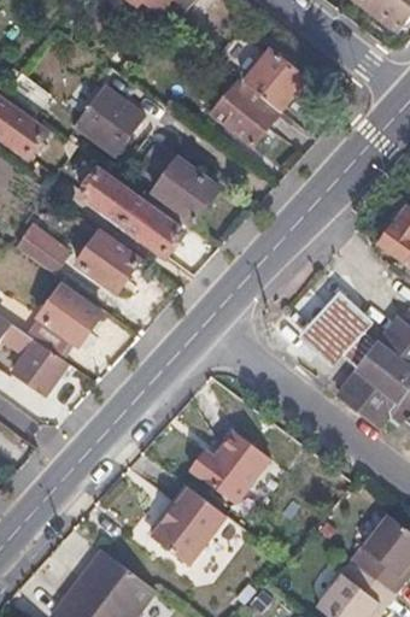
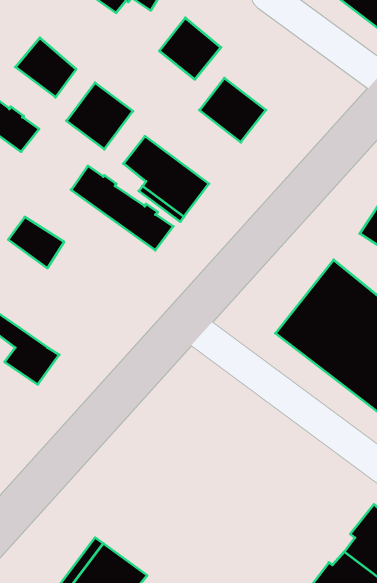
building: none -> [15,38,76,97]
building: [241,51,304,113] -> [159,18,221,79]
building: [74,233,137,295] -> none
building: [25,284,100,357] -> none
building: [192,430,269,503] -> none
building: [153,489,225,564] -> none

